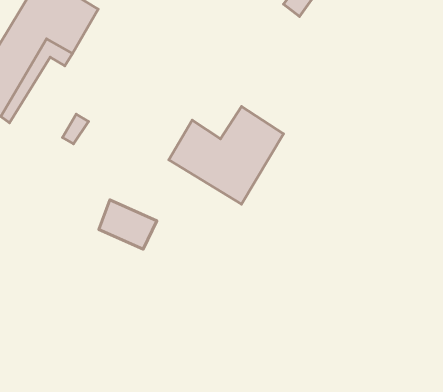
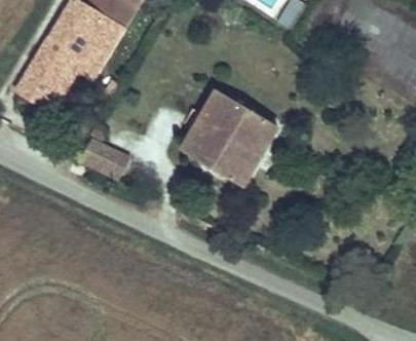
building: none -> [200,87,241,129]
building: [99,200,157,249] -> [80,137,128,178]

